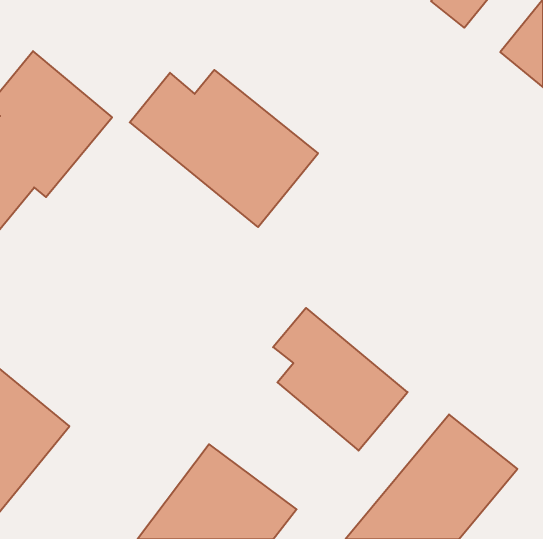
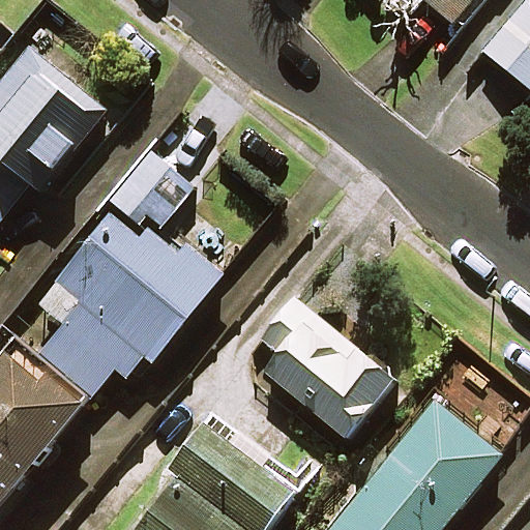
building: [130,70,318,227] -> none
building: none -> [33,154,214,399]

